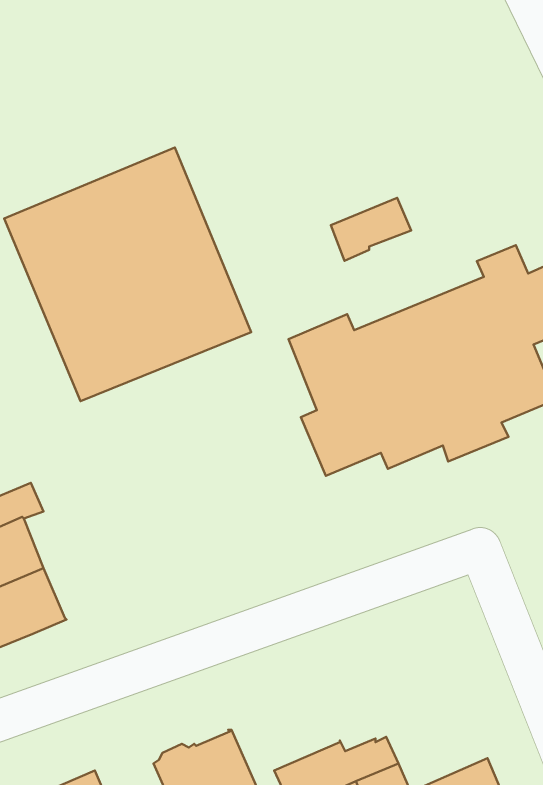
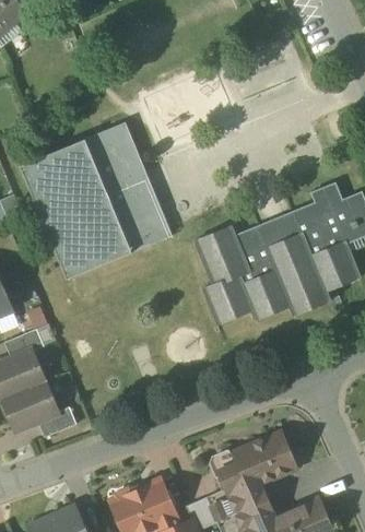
building: [331,198,411,261] -> none
building: none -> [37,406,76,437]
building: none -> [219,431,295,494]

